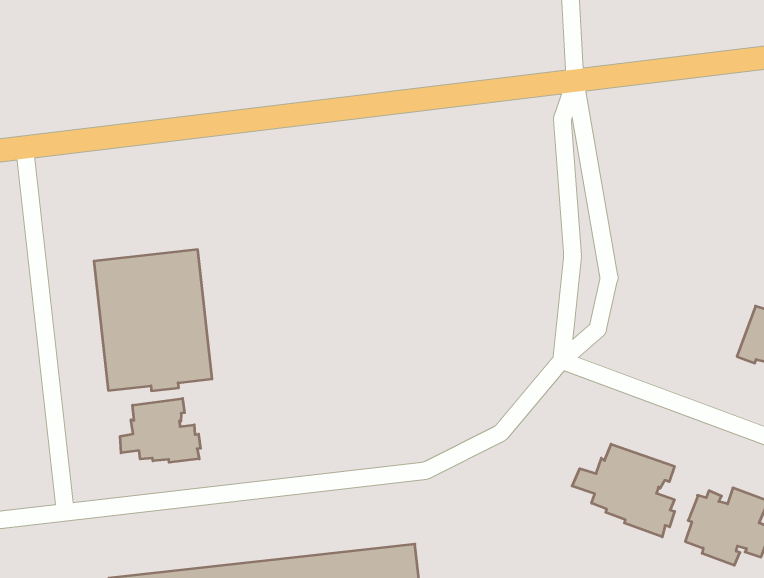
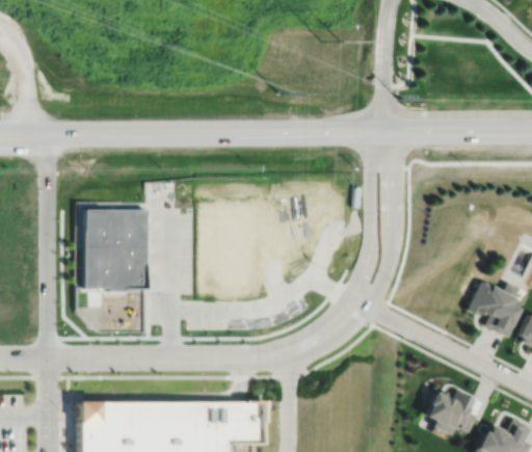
building: [120,398,201,462] -> none
building: [572,444,675,537] -> none

